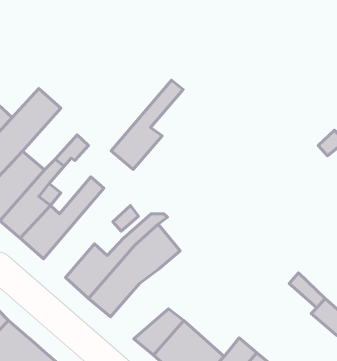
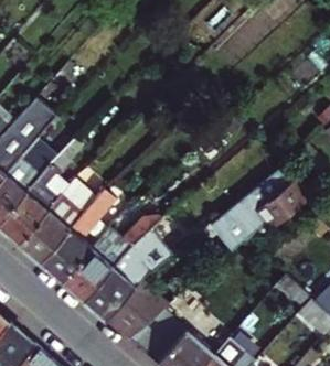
building: [111,80,183,169] -> [42,194,110,279]
building: none -> [194,176,299,261]
building: none -> [106,271,178,337]

